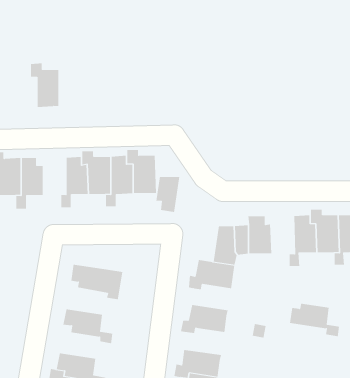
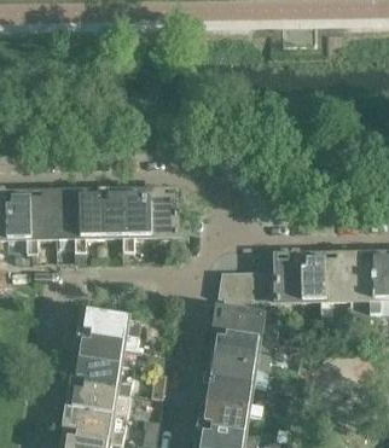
building: [30,63,59,108] -> [48,187,80,235]
building: [156,177,180,212] -> [217,268,244,307]
building: none -> [295,251,326,298]
building: none -> [76,326,124,363]
building: [289,303,340,337] -> [215,331,269,367]
building: none -> [69,374,116,411]
building: none -> [207,378,262,415]

